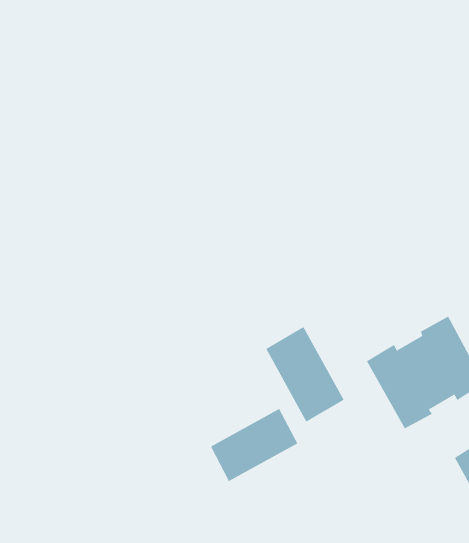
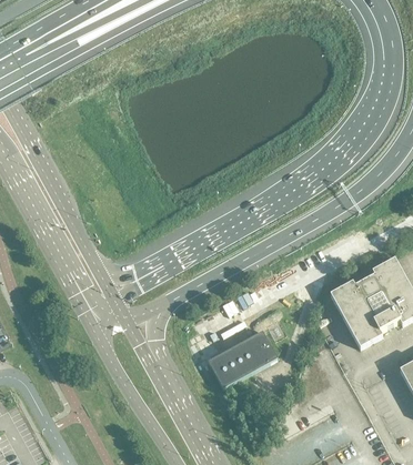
building: [265,326,344,422] -> none

